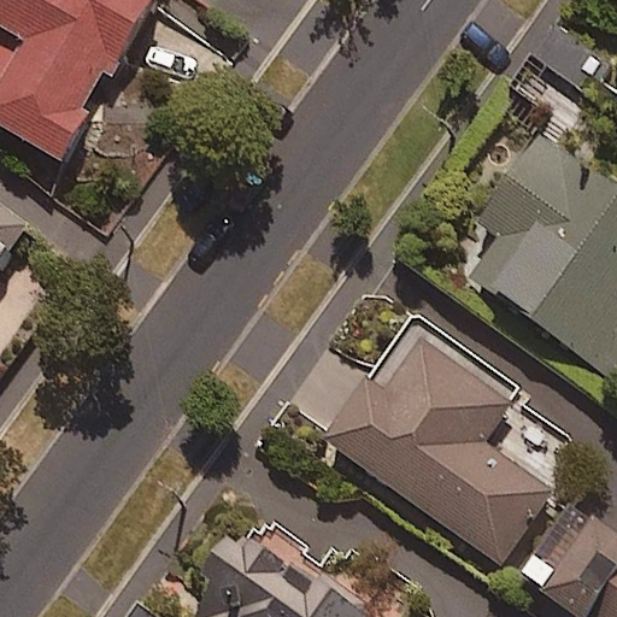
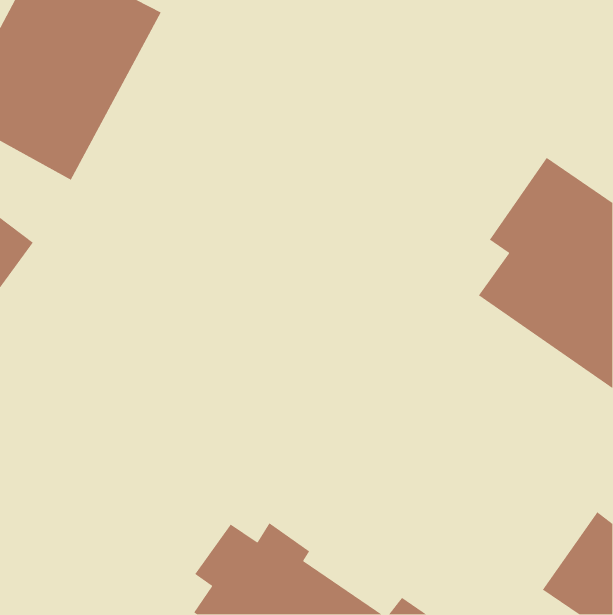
building: [324,329,552,562] -> none

